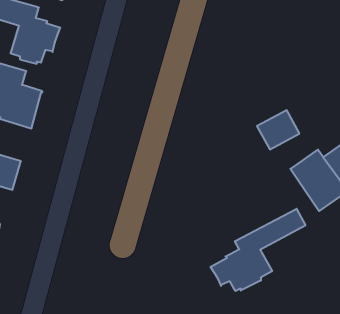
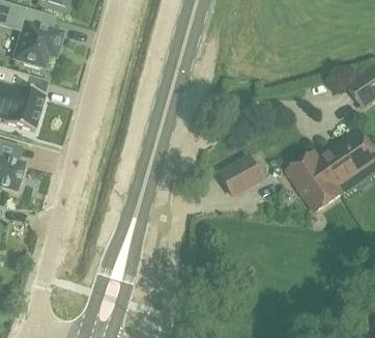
building: [257,110,299,149] -> [219,156,260,194]
building: [211,209,305,291] -> none

